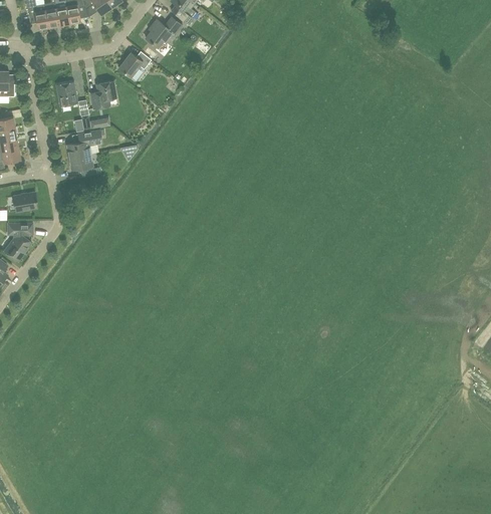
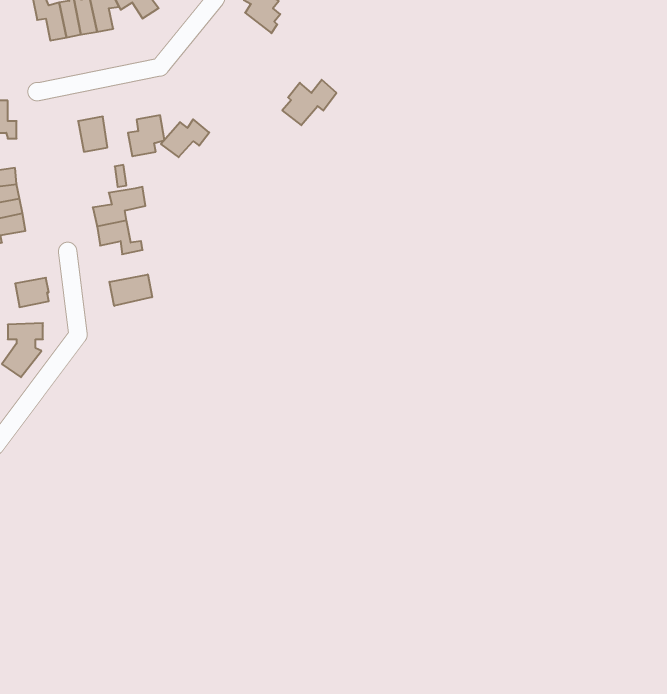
building: [145,15,182,46] -> [282,80,336,125]
building: [117,49,151,75] -> [161,119,209,157]
building: none -> [109,274,152,306]

